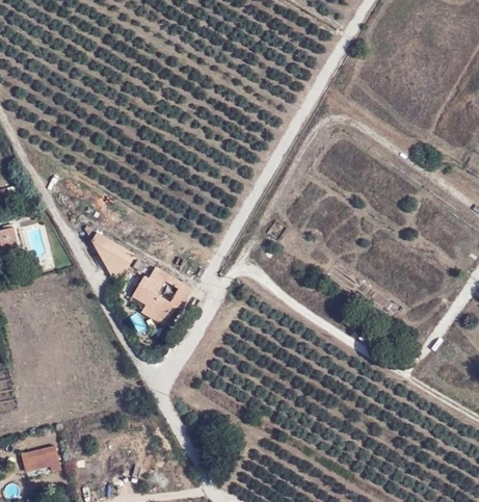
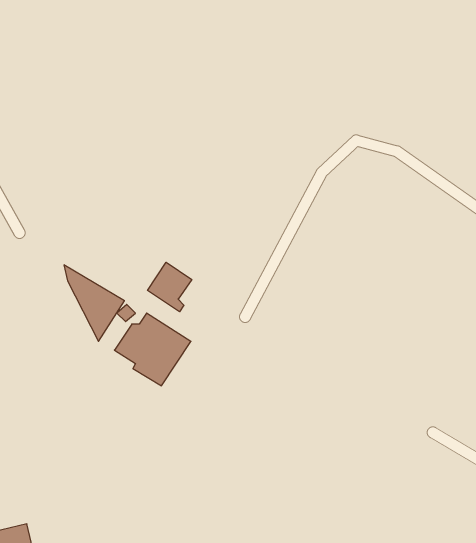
building: none -> [148,262,192,312]

